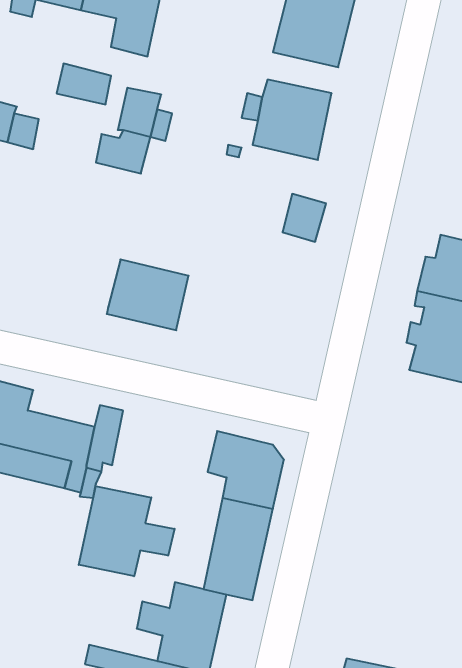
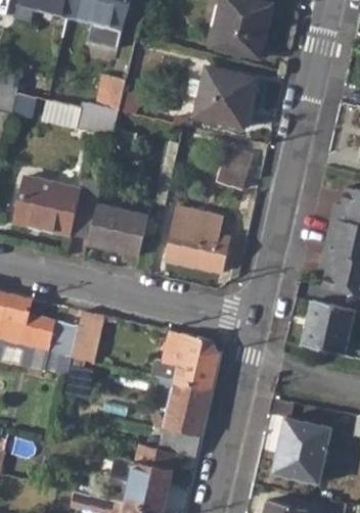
building: [57,64,111,104] -> [42,98,83,129]
building: none -> [13,177,101,238]
building: none -> [167,205,231,272]
building: none -> [294,292,347,353]
building: [79,486,175,576] -> none
building: none -> [273,417,333,483]

